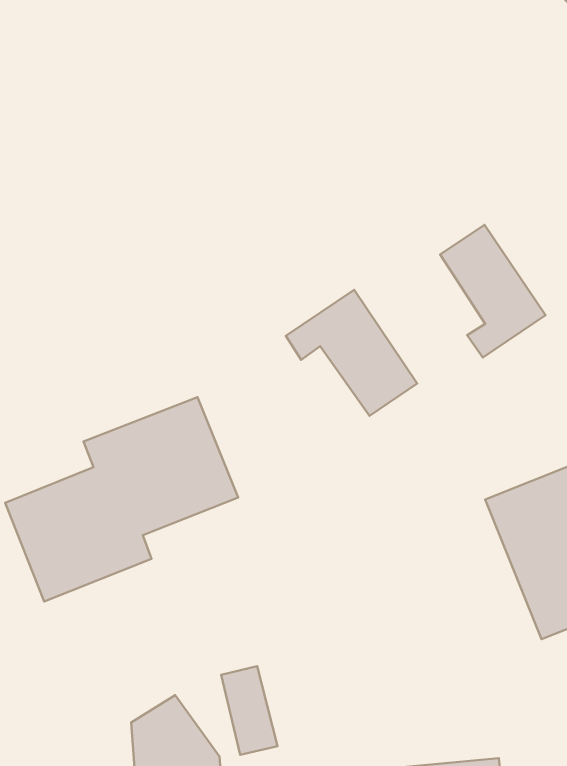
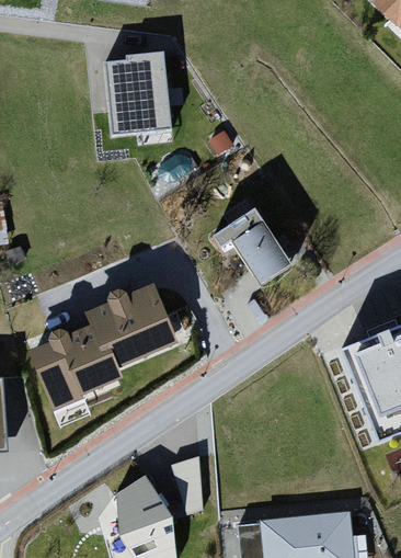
building: none -> [95,61,153,136]
building: [440,225,546,358] -> none

